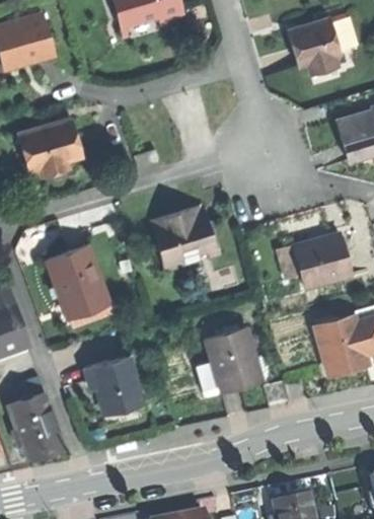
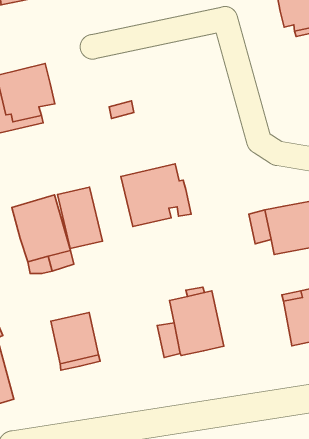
building: none -> [57,187,102,249]

